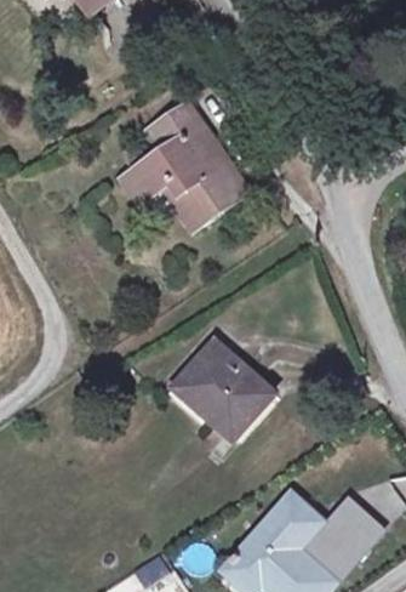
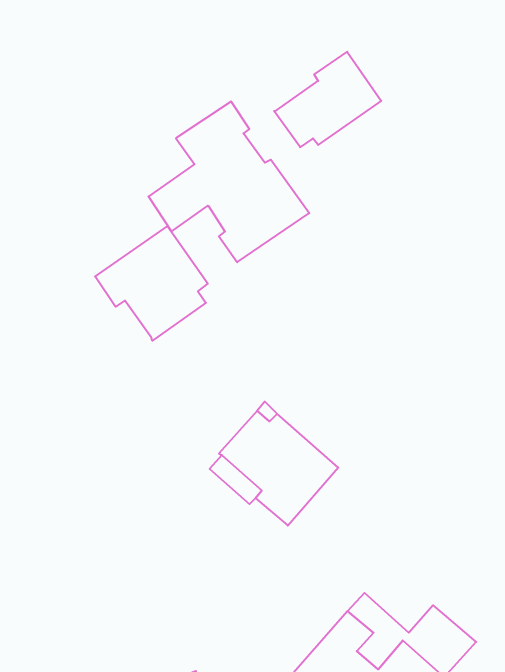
building: none -> [274,52,381,147]
building: none -> [95,226,208,341]

